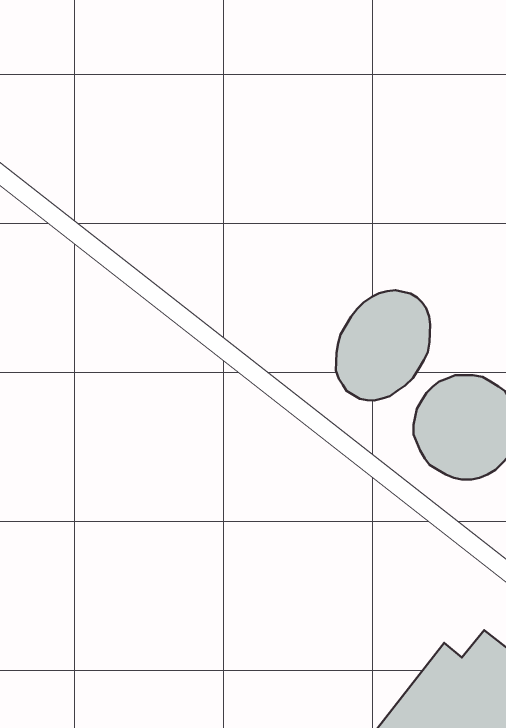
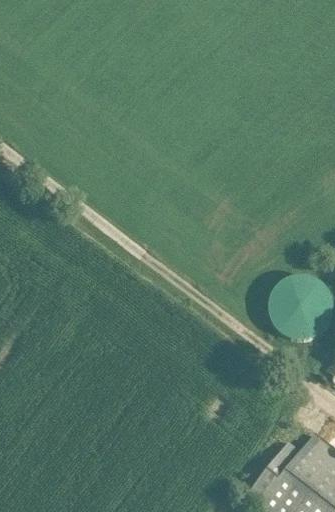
building: [336,290,430,400] -> none

